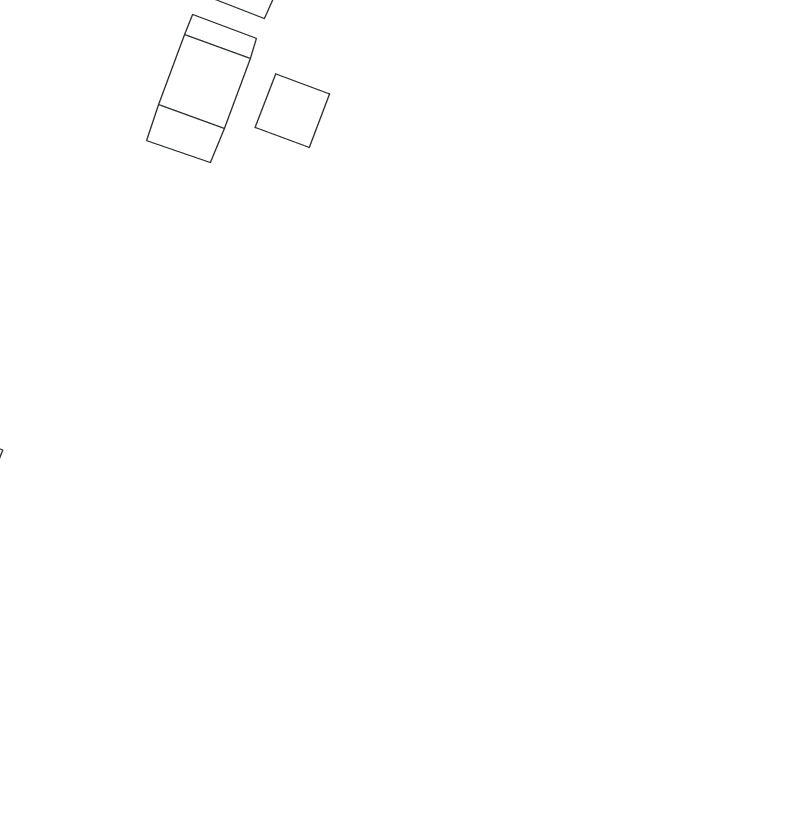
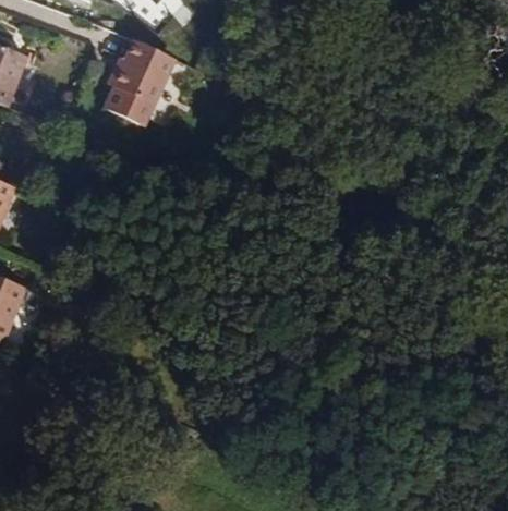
building: [255,74,329,148] -> none

